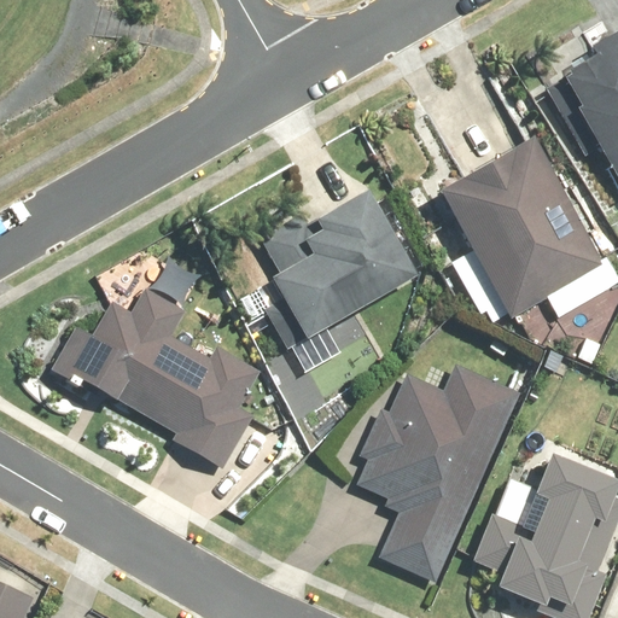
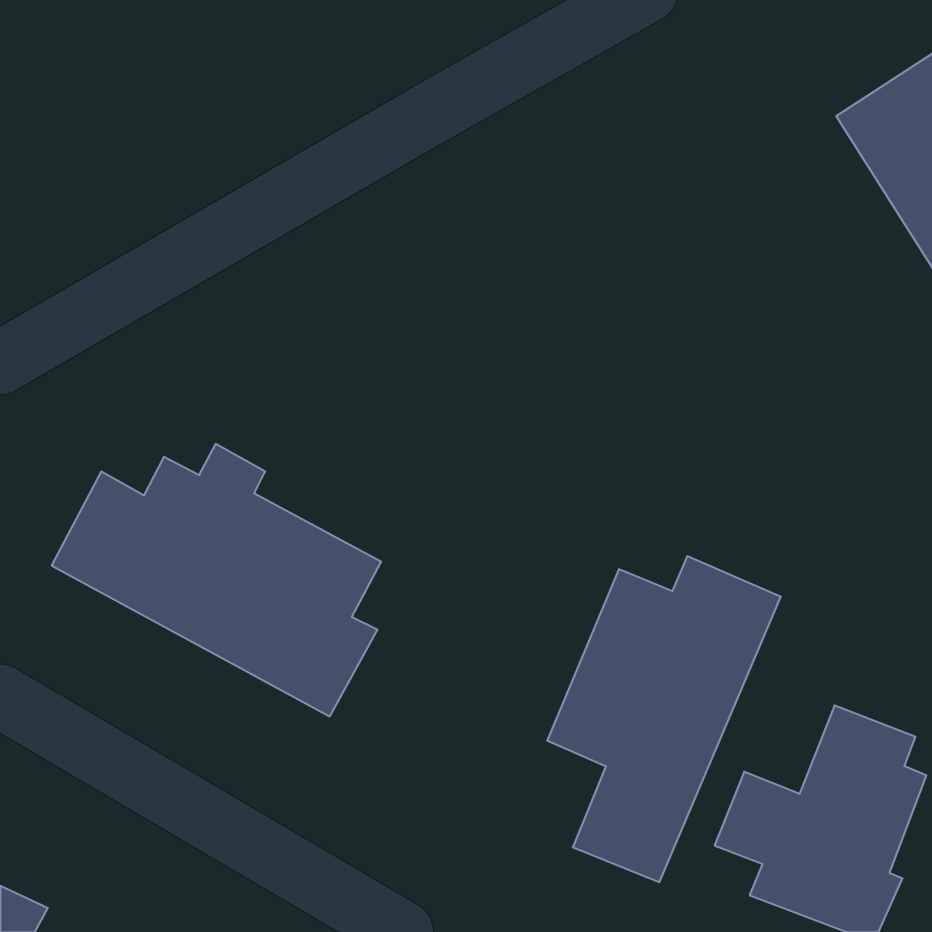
building: [436,144,607,321] -> none
building: [267,180,418,338] -> none

